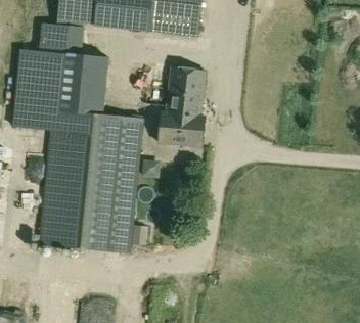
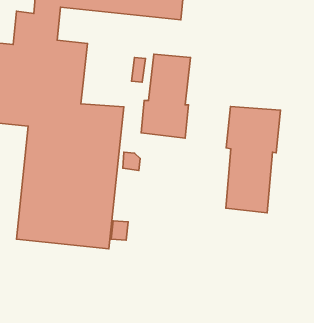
building: none -> [226,106,280,213]

